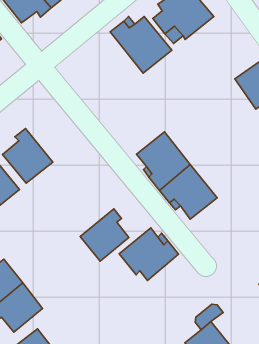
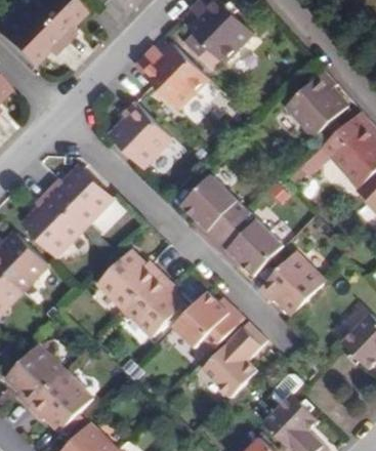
building: none -> [110,102,172,168]
building: none -> [48,166,114,227]
building: none -> [100,252,163,311]
building: none -> [258,254,325,316]
building: none -> [204,324,267,398]

